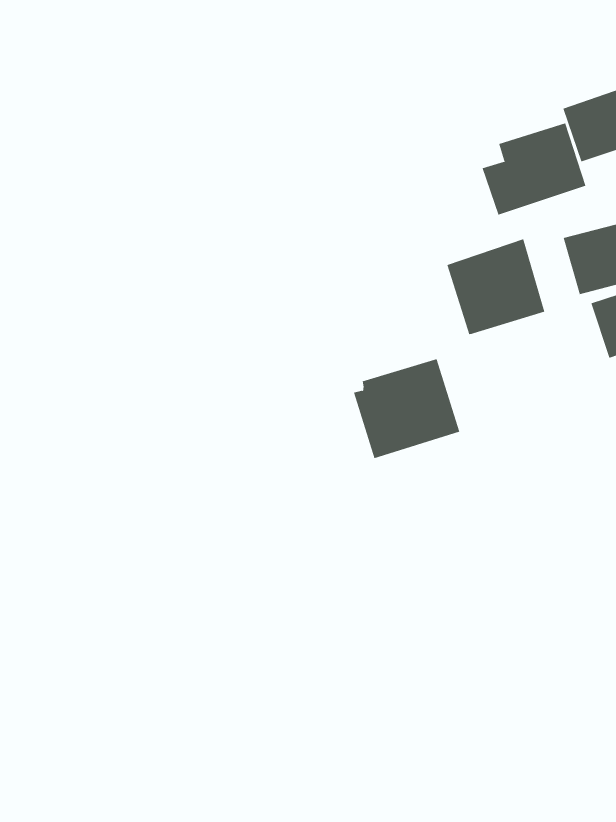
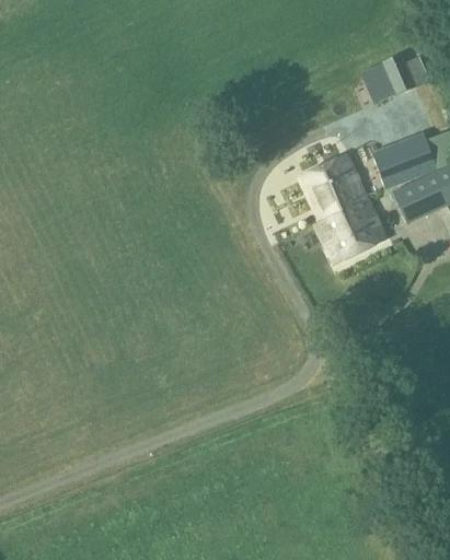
building: [482,122,586,215] -> none
building: [353,358,460,459] -> [316,198,385,265]

